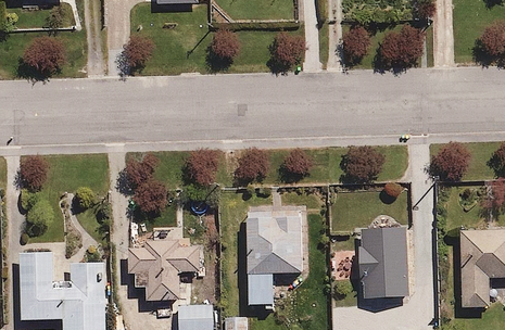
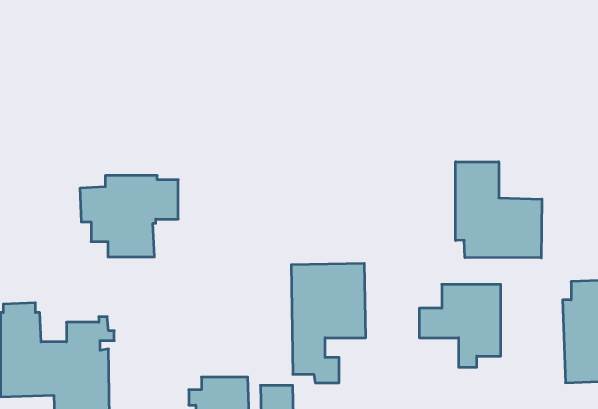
building: none -> [456,162,542,258]
building: [124,238,200,301] -> [80,176,178,257]

